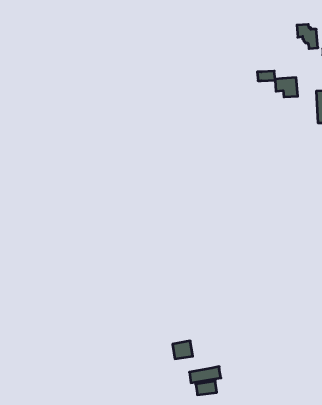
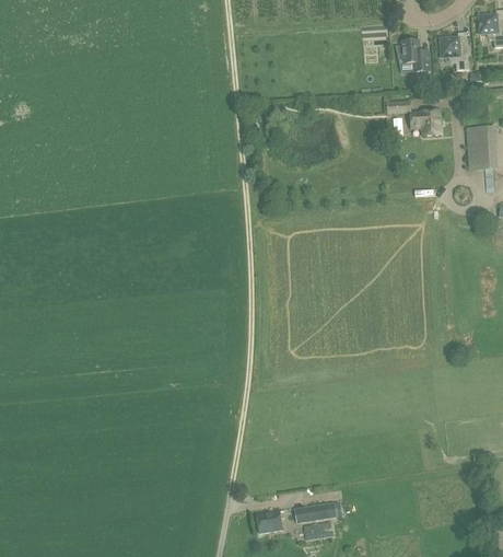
building: none -> [395,37,430,71]
building: [173,341,193,359] -> [255,508,282,532]

